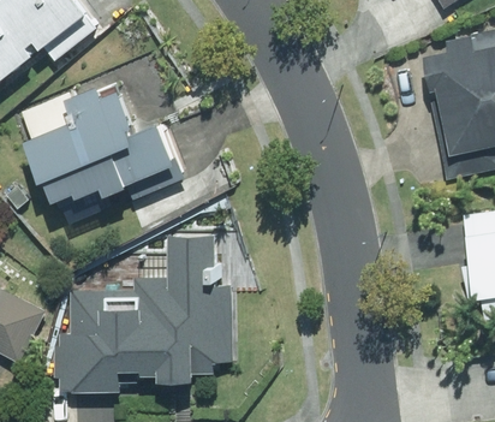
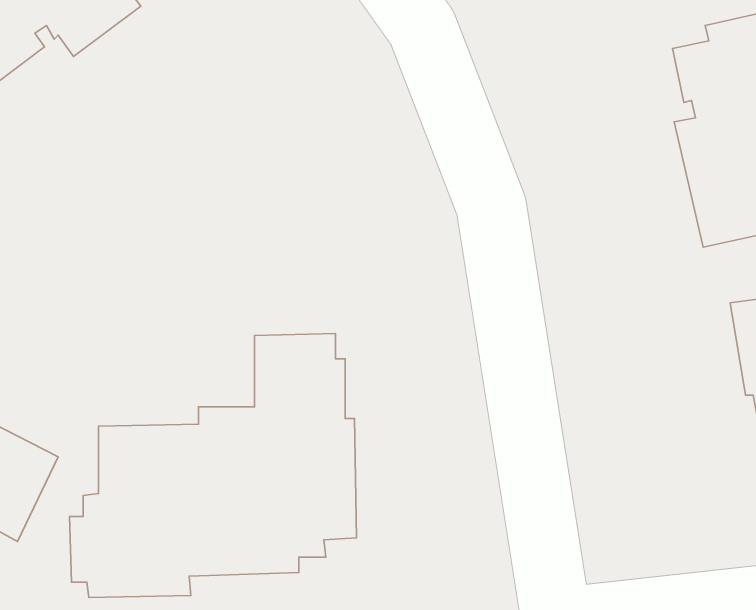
building: [28,84,184,208] -> none

